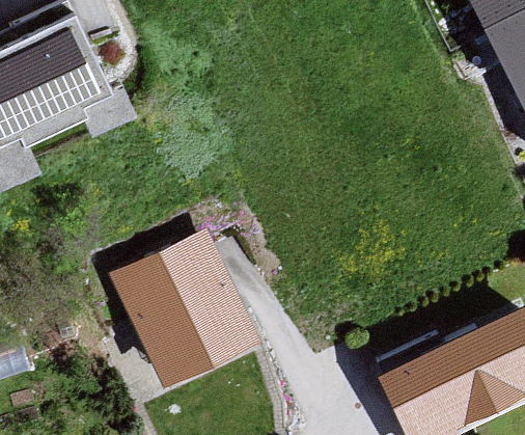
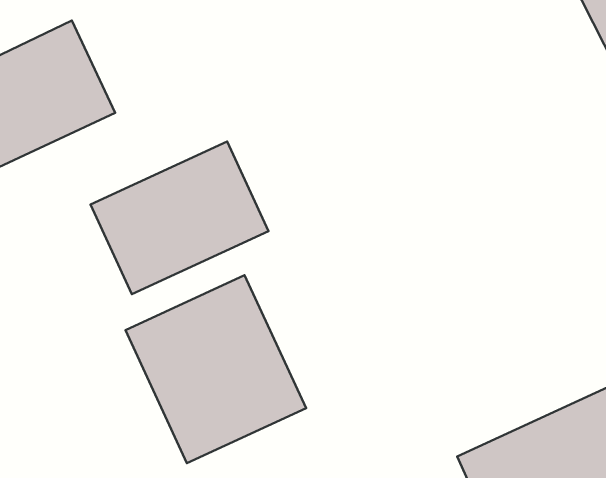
building: none -> [90,141,268,294]

